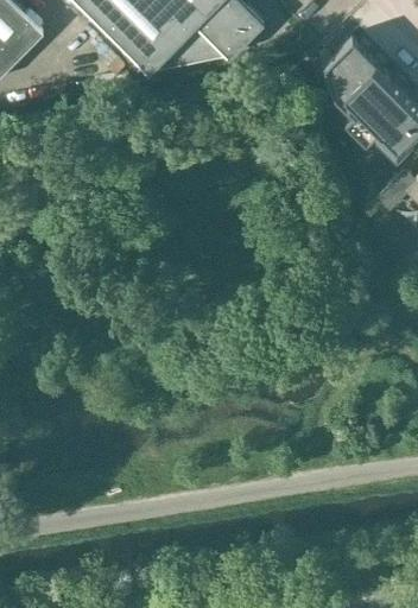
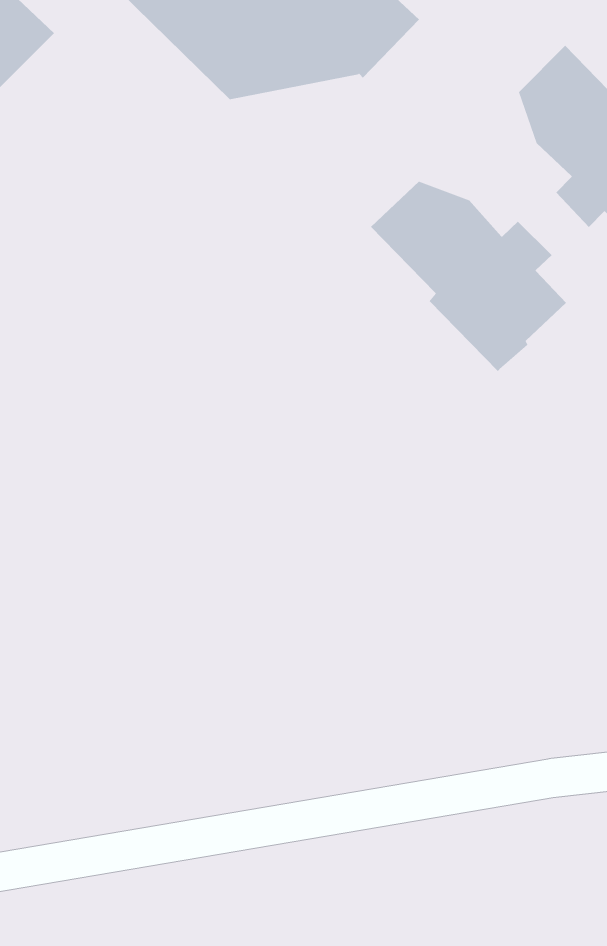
building: none -> [370,181,567,372]

